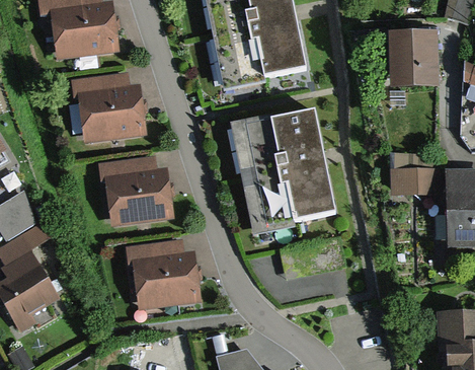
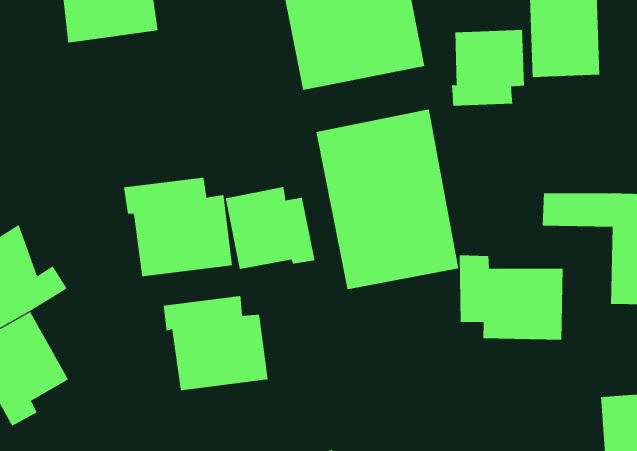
building: none -> [452,29,525,107]
building: [70,74,147,143] -> none
building: none -> [225,186,315,270]
building: none -> [459,254,563,341]

